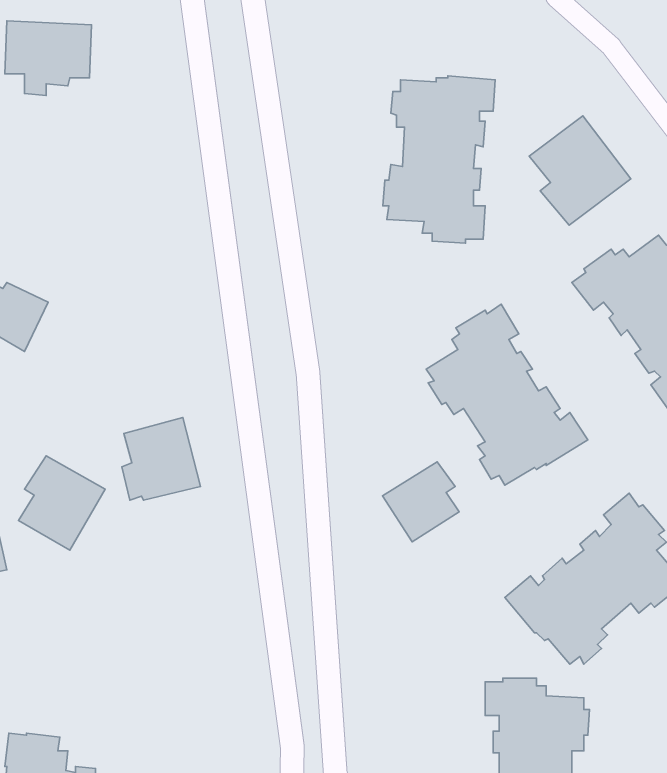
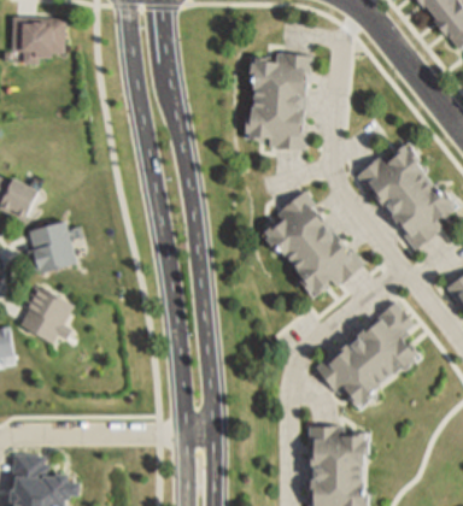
building: [529,116,631,225] -> none
building: [122,418,201,500] -> [27,220,75,271]
building: [383,462,459,542] -> none

